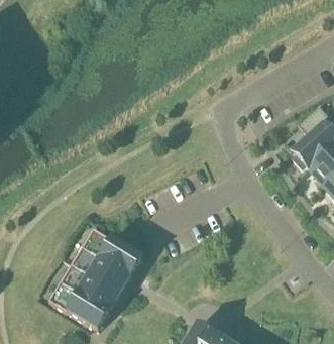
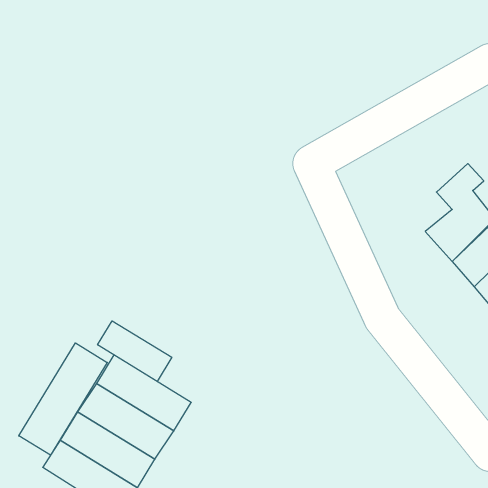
building: none -> [98,321,172,381]
building: none -> [19,343,107,455]

